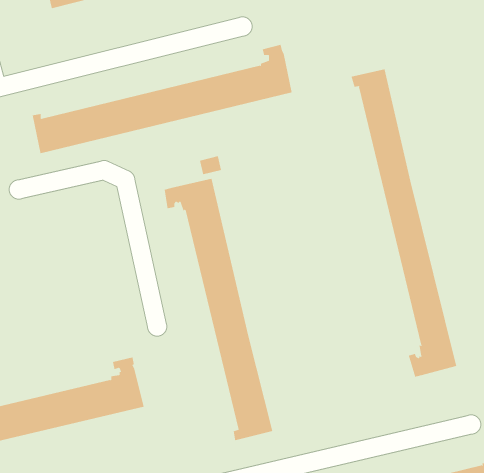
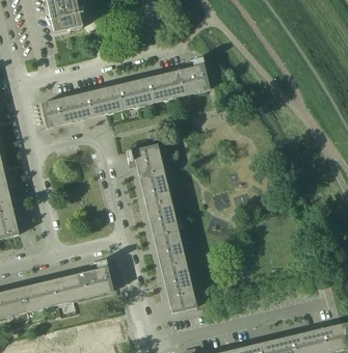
building: [351,68,457,377] -> none

